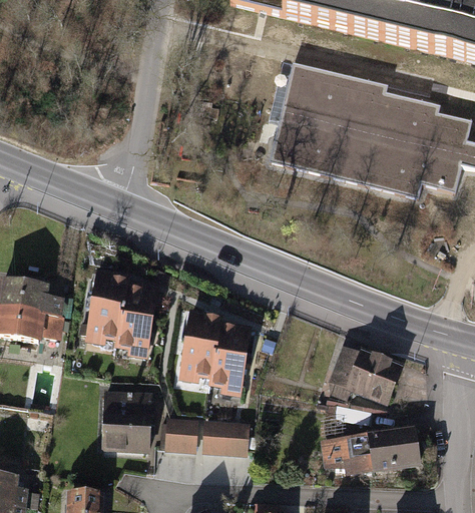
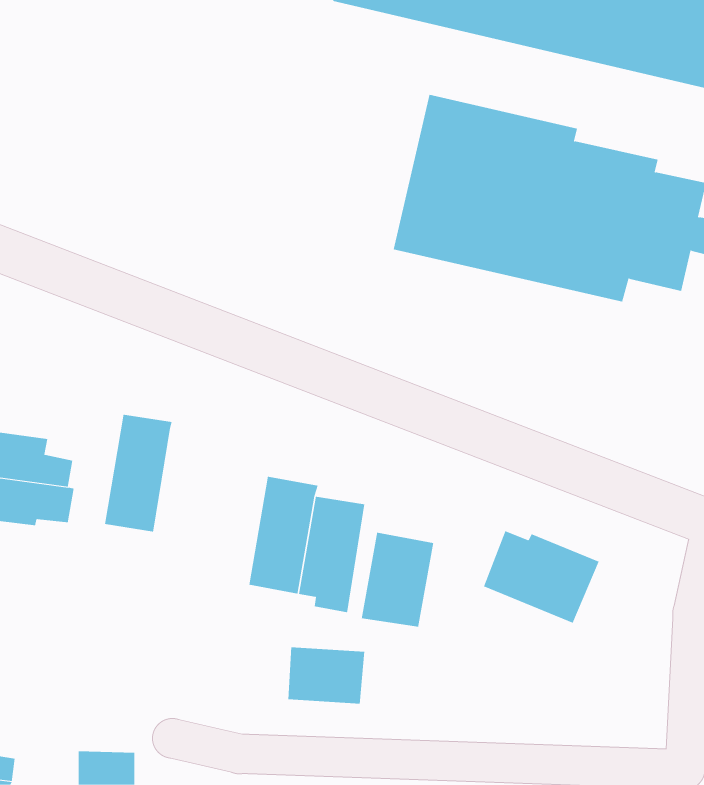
building: [115,279,158,359] -> none
building: none -> [361,532,434,628]
building: [102,389,152,448] -> none
building: [165,418,199,452] -> none
building: [321,425,421,476] -> none

